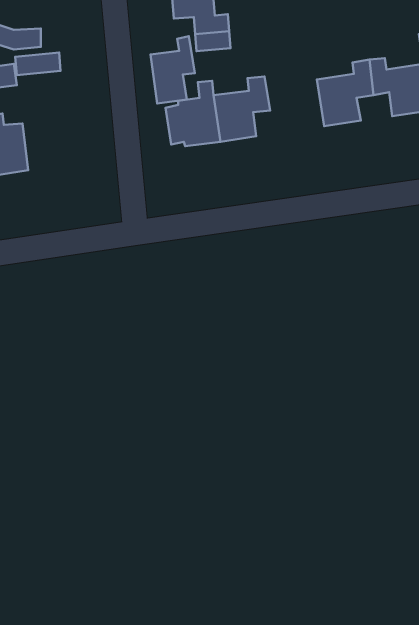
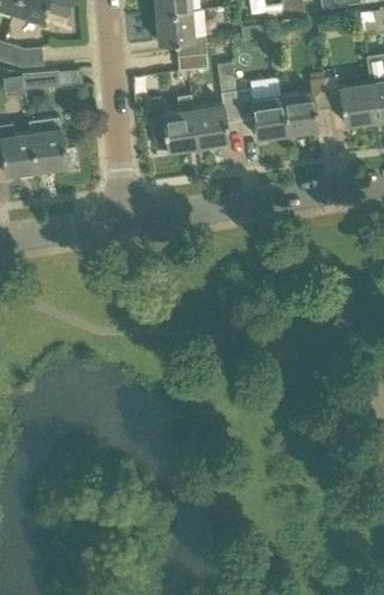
building: [151,36,195,104] -> none
building: none -> [236,89,287,137]
building: none -> [31,118,66,171]

